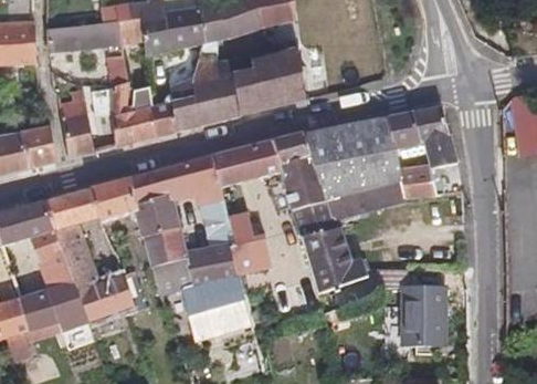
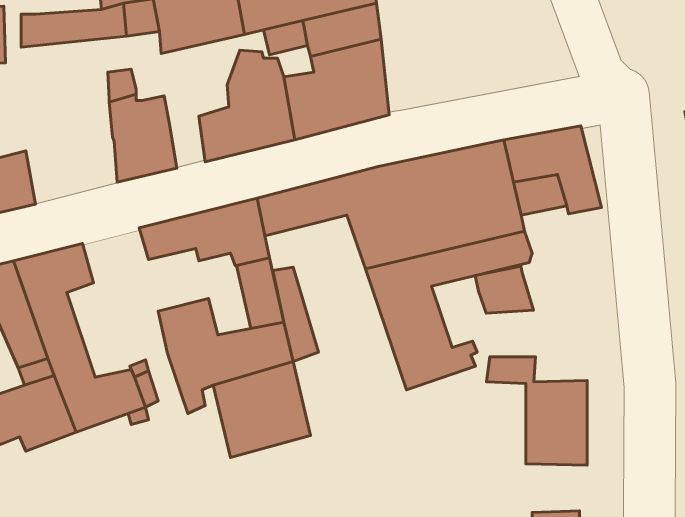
building: [151,77,193,136] -> none
building: [59,89,95,159] -> none
building: [399,163,440,196] -> [475,266,533,313]
building: [91,178,179,237] -> none

